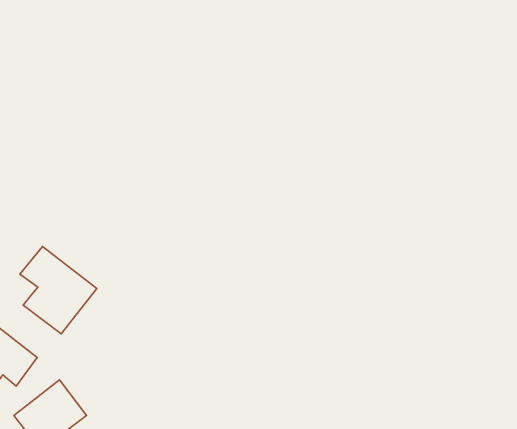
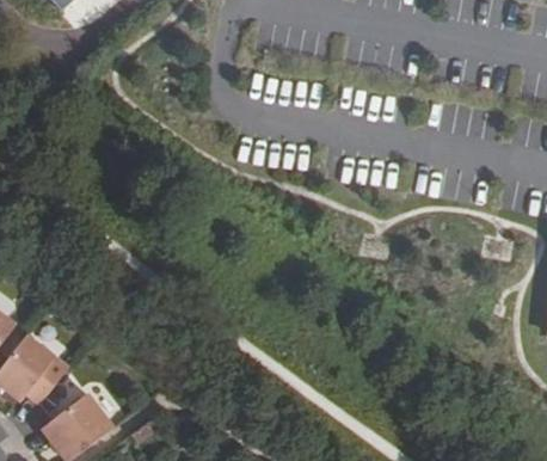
building: [20,246,97,334] -> none

